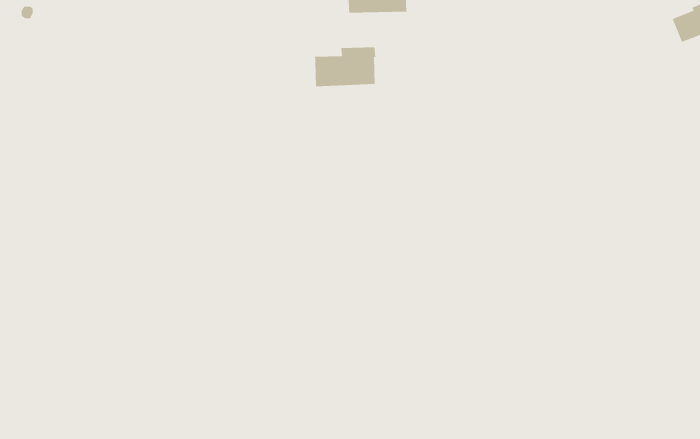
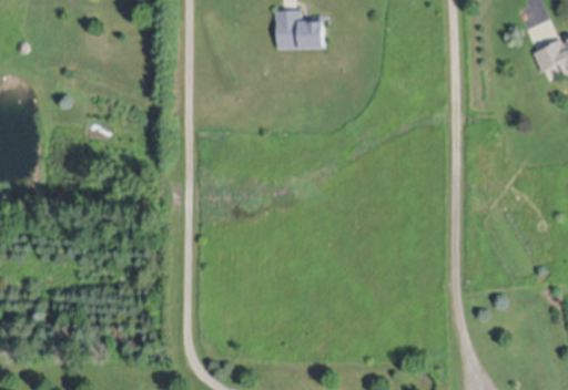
building: [314,47,376,87] -> none

